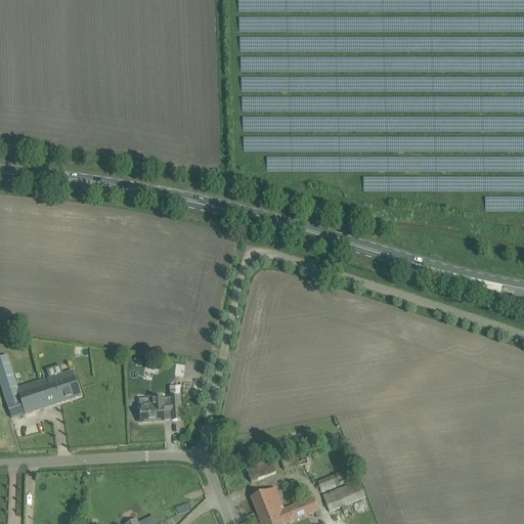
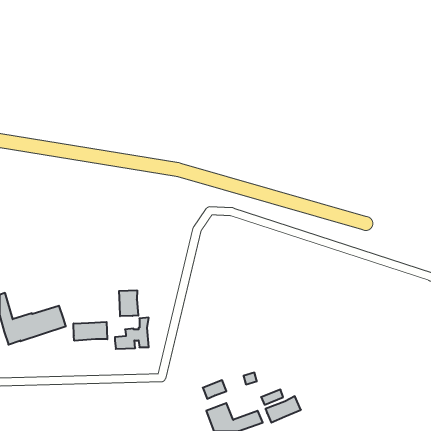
building: none -> [119,290,138,316]
building: none -> [74,322,107,341]

